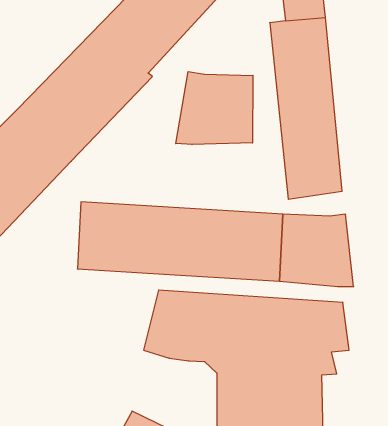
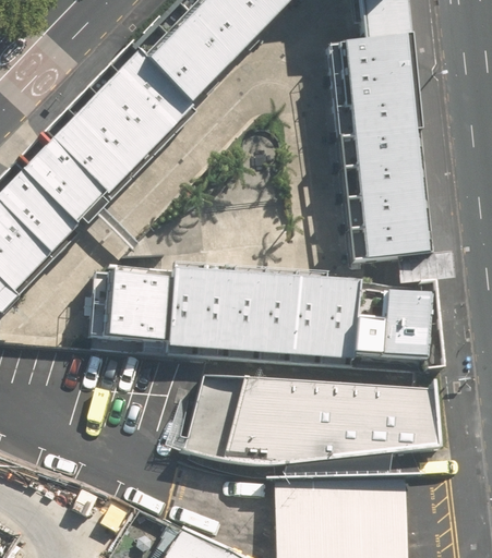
building: [176,72,253,145] -> none

